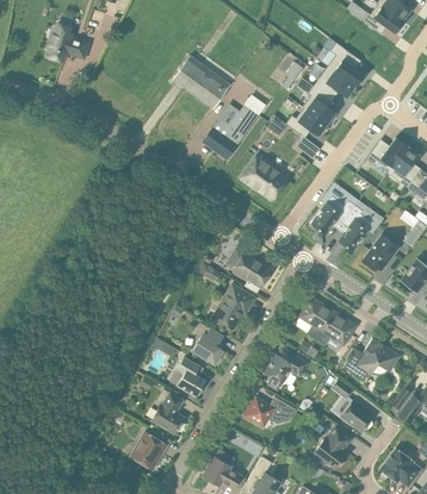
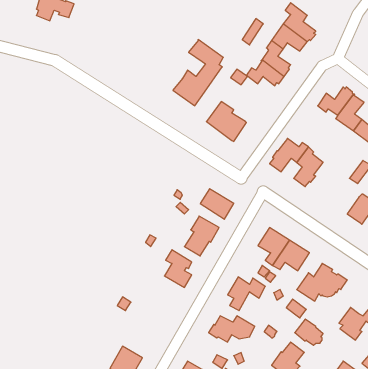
building: [173,55,231,108] -> none
building: [365,233,400,269] -> none
building: [178,356,206,396] -> none
building: [151,392,185,433] -> none

